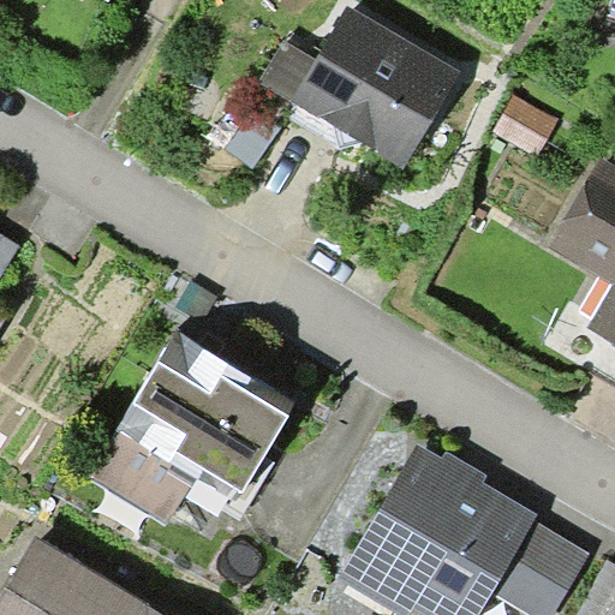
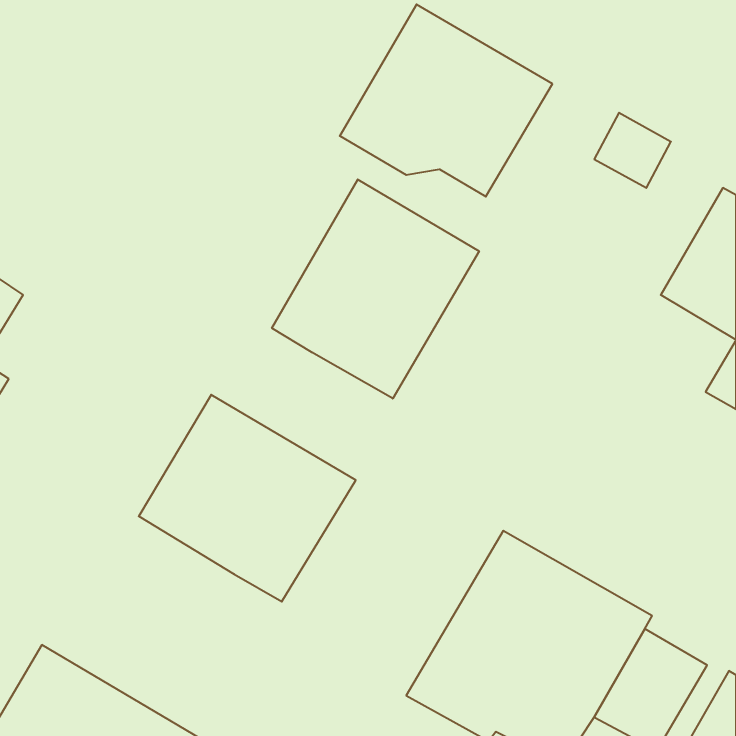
building: none -> [272,179,479,399]
building: [88,431,195,525] -> none

